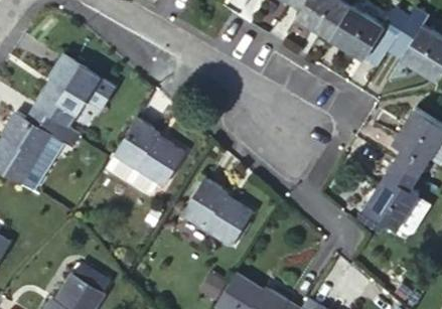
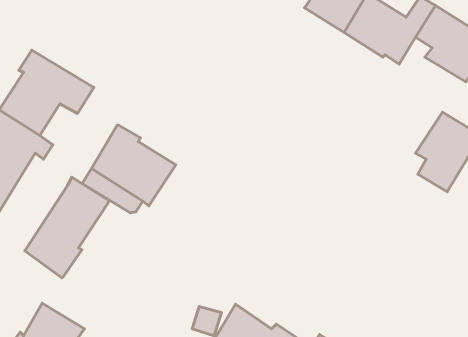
building: [363,160,427,234] -> none
building: none -> [25,177,109,278]
building: [180,177,253,247] -> none

